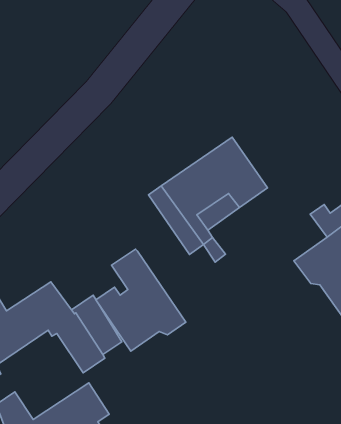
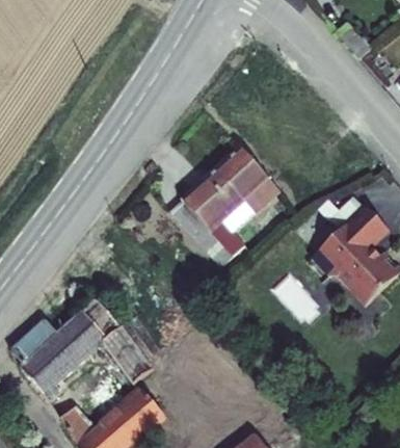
building: [96,249,186,351] -> none

